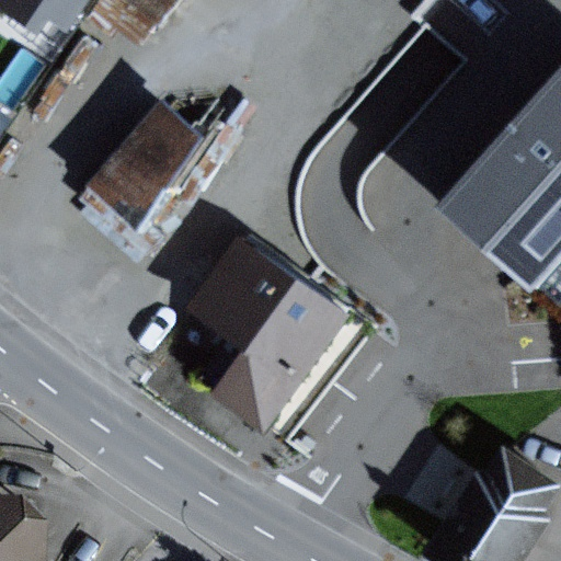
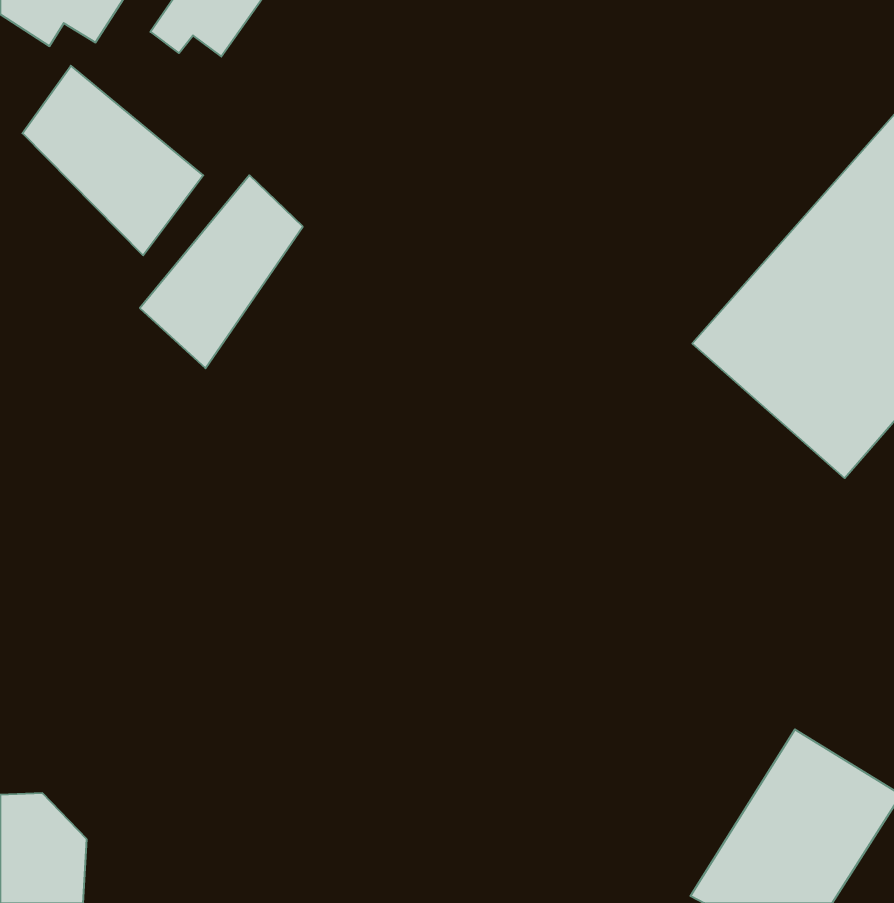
building: none -> [22,66,203,255]
building: [199,242,346,427] -> none

